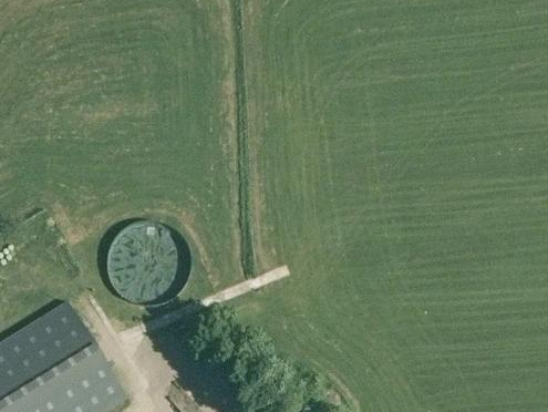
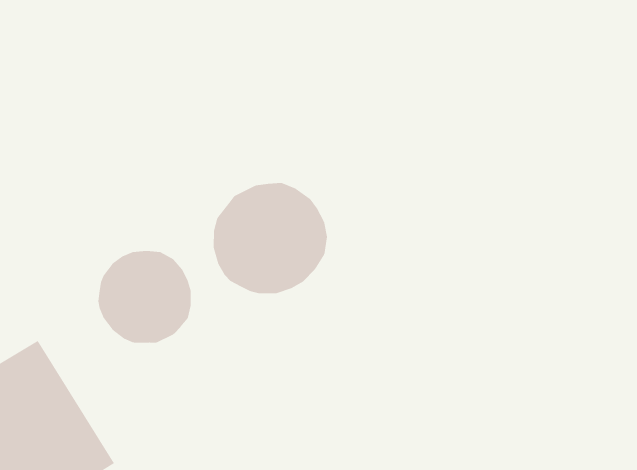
building: none -> [213,182,328,294]

